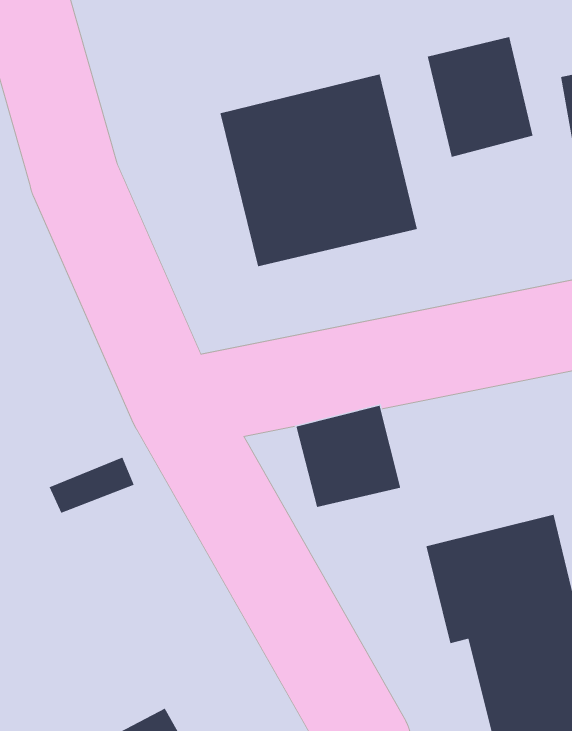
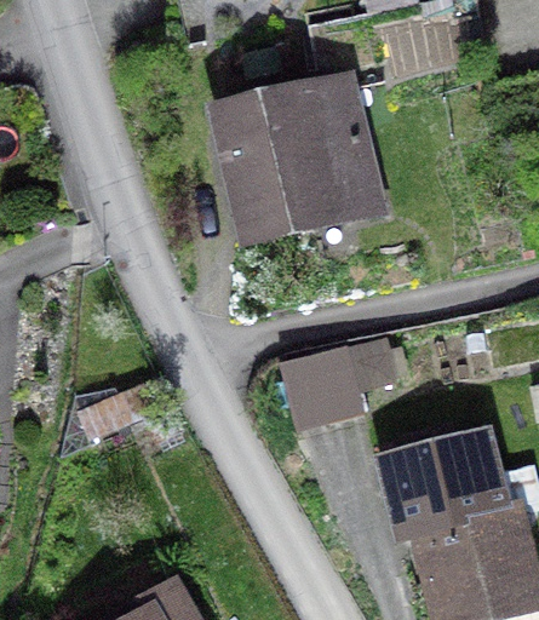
building: [427,36,534,158] -> none

